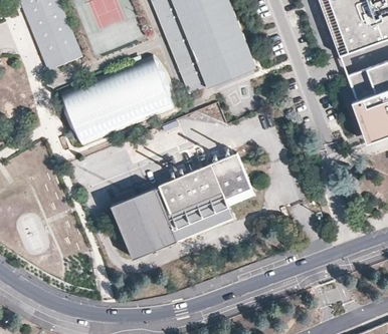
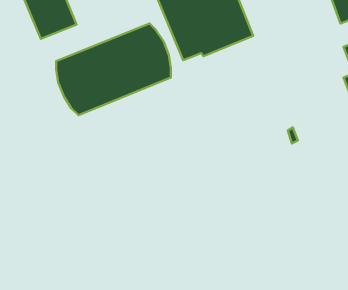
building: [112,152,256,259] -> none

